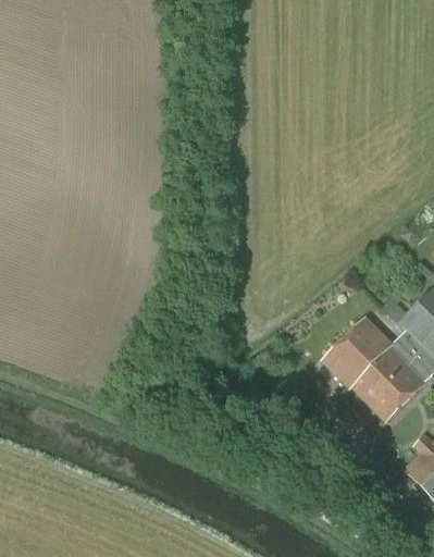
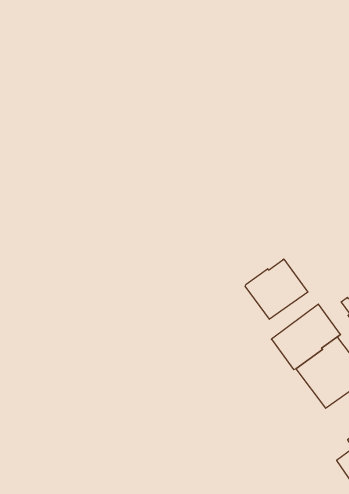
building: none -> [245,259,308,319]

